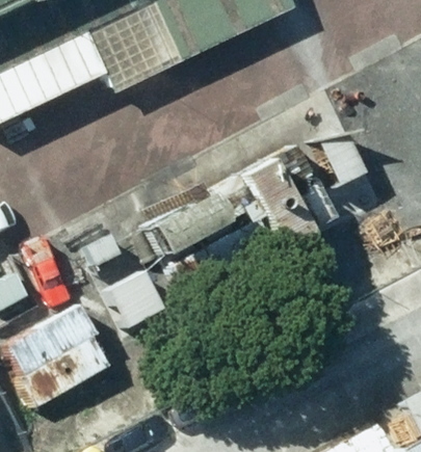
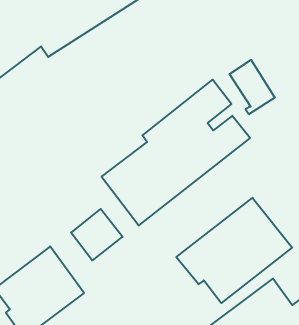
building: none -> [176,198,292,303]

